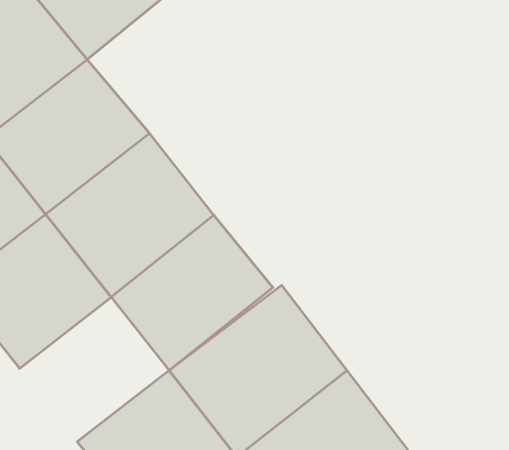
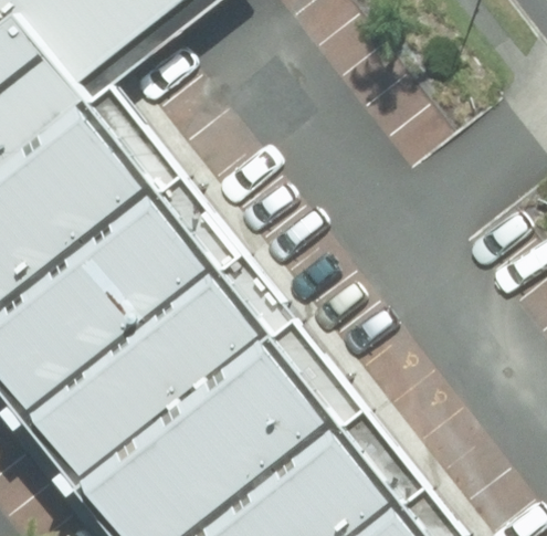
building: none -> [20,345,171,491]

